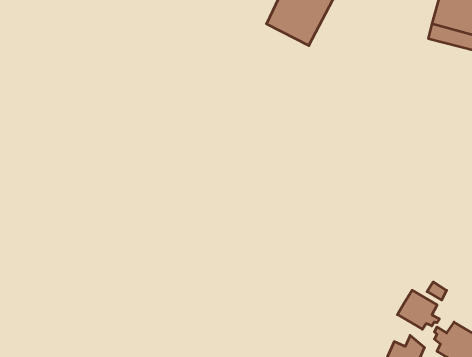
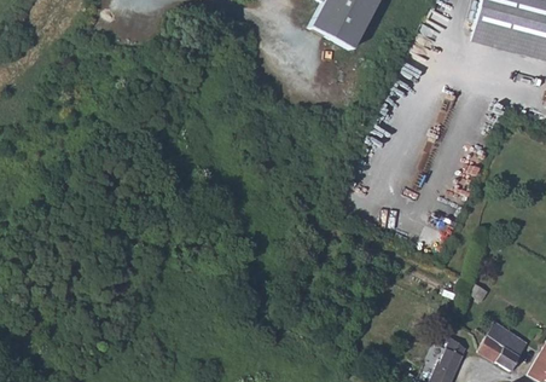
building: [397,290,439,329] -> none

